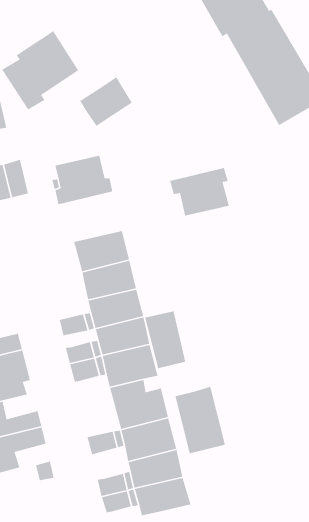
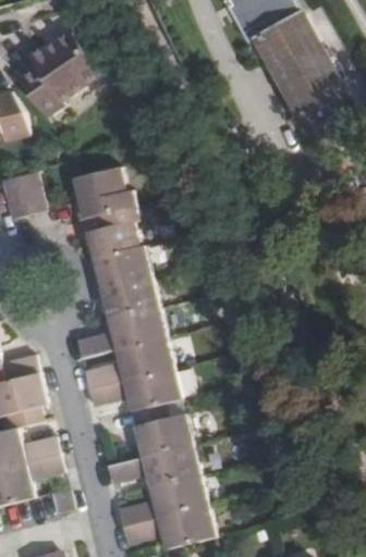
building: [79,76,133,127] -> none
building: [169,167,230,216] -> [75,205,139,257]
building: [144,310,186,369] -> none
building: [175,386,226,454] -> none

